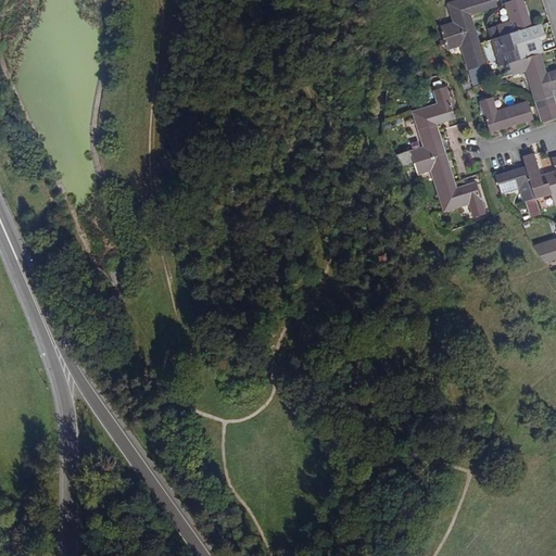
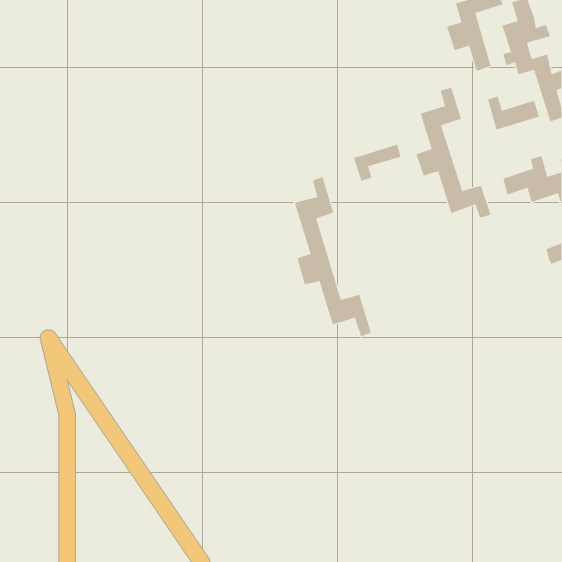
building: none -> [353,144,401,181]
building: none -> [294,176,372,337]

